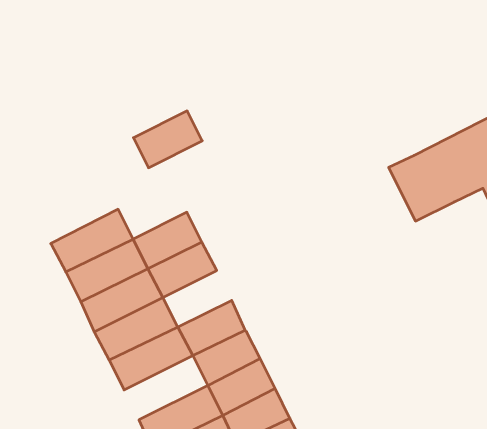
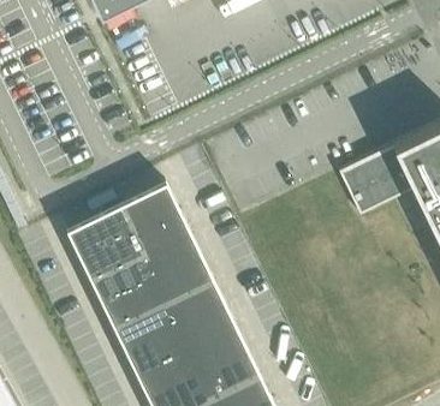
building: [133,111,202,168] -> [120,185,176,231]
building: none -> [156,256,212,301]
building: none -> [125,324,192,376]

